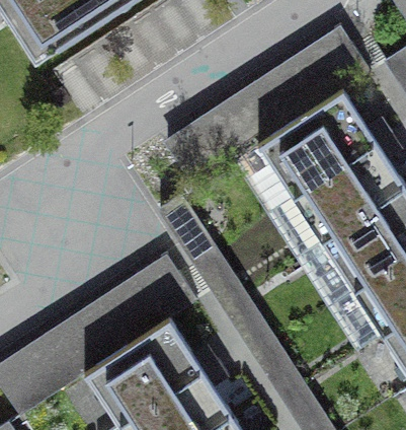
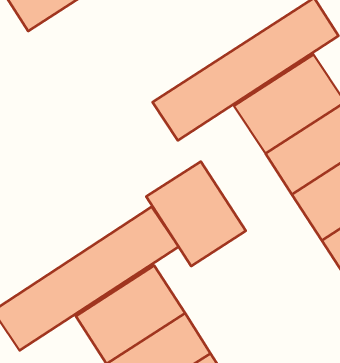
building: none -> [146,161,246,266]

